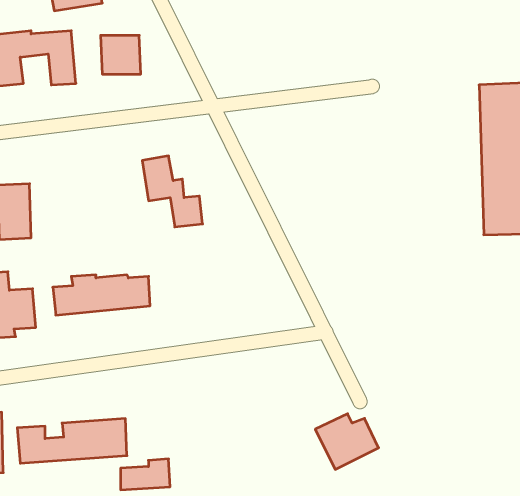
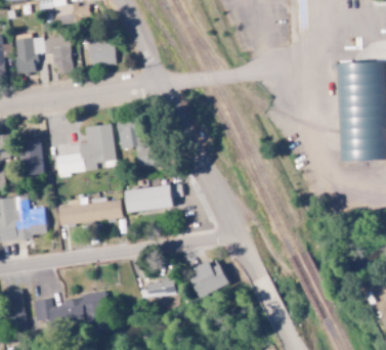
building: none -> [54,122,115,173]
building: none -> [124,182,181,210]
building: [315,414,379,469] -> [186,259,228,296]
building: [121,459,170,490] -> [142,275,175,296]

